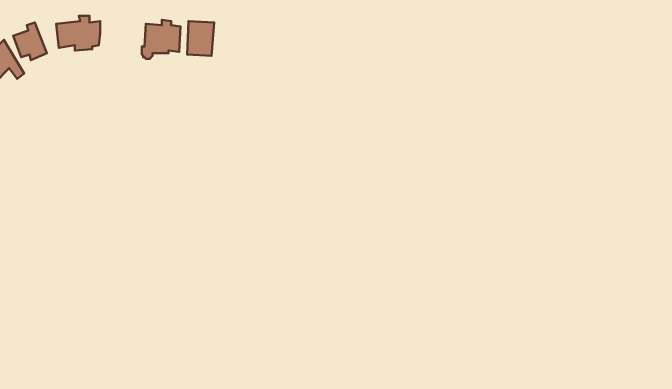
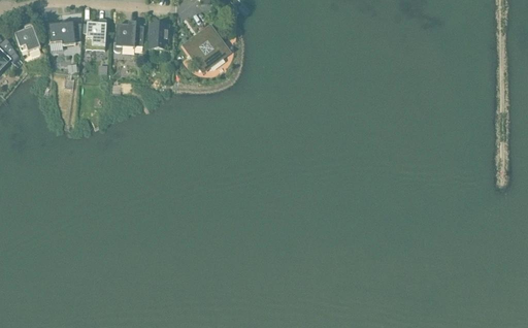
building: none -> [86,18,106,44]
building: none -> [185,25,228,68]

